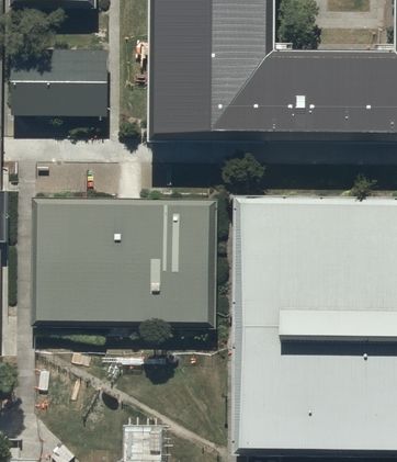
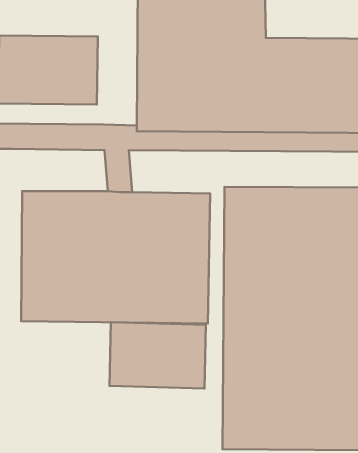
building: none -> [109,322,206,389]

